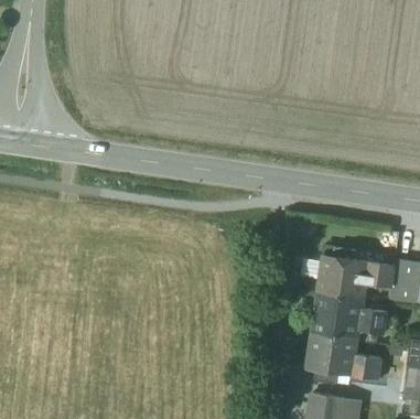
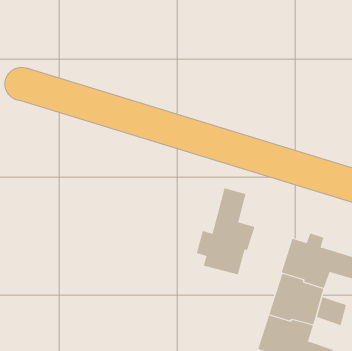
building: none -> [196,188,255,275]

